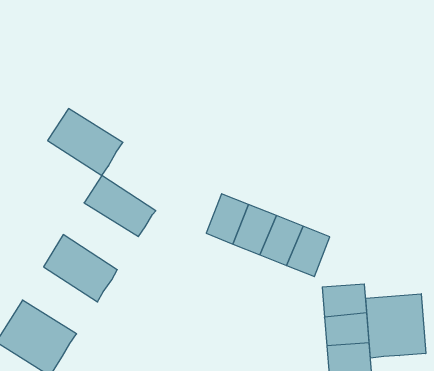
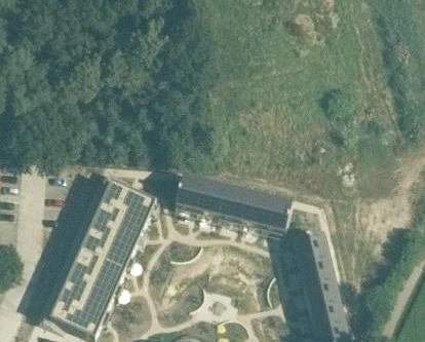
building: [48,109,123,176] -> [88,201,146,249]
building: none -> [175,173,204,211]
building: none -> [65,255,122,302]
building: [366,294,426,358] -> none

